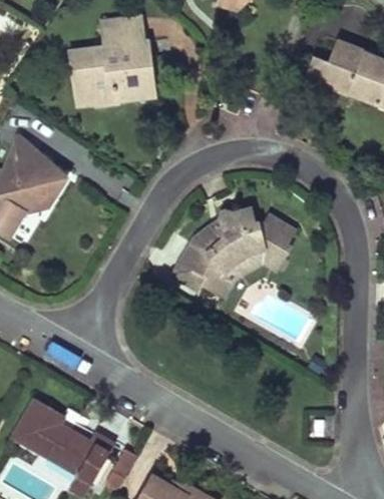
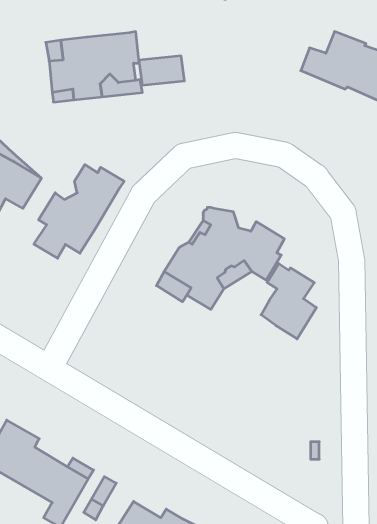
building: [105,18,147,45] -> [139,56,184,85]
building: none -> [34,165,124,258]
building: none -> [261,264,316,339]

